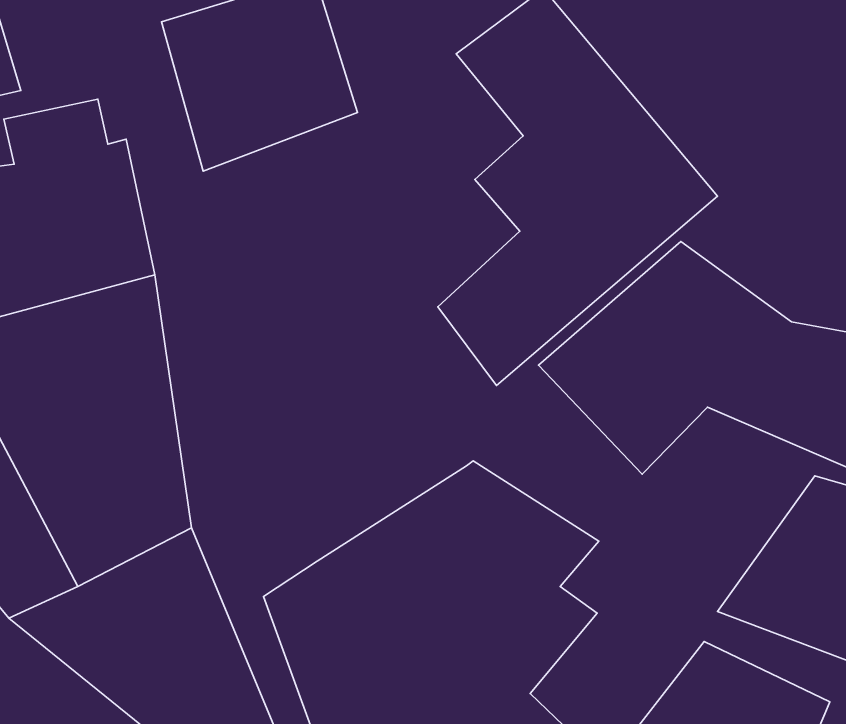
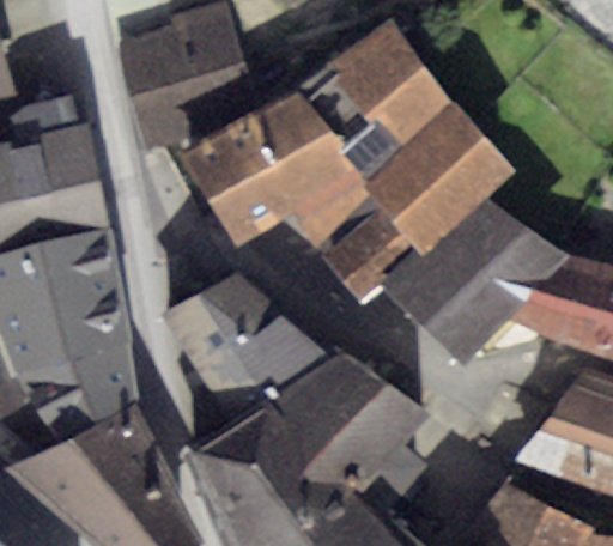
building: none -> [178,65,375,248]
building: none -> [164,274,334,427]

